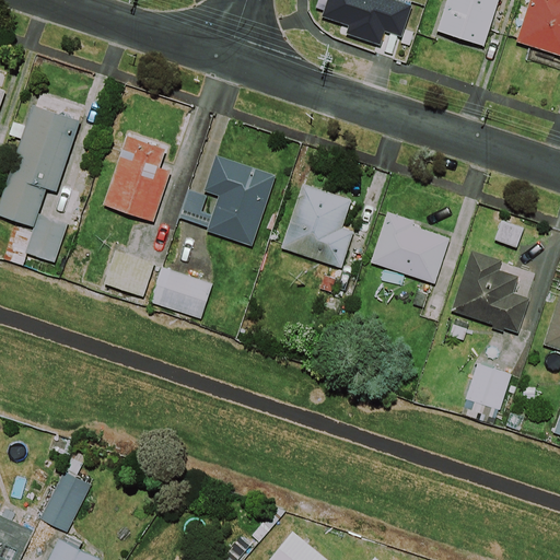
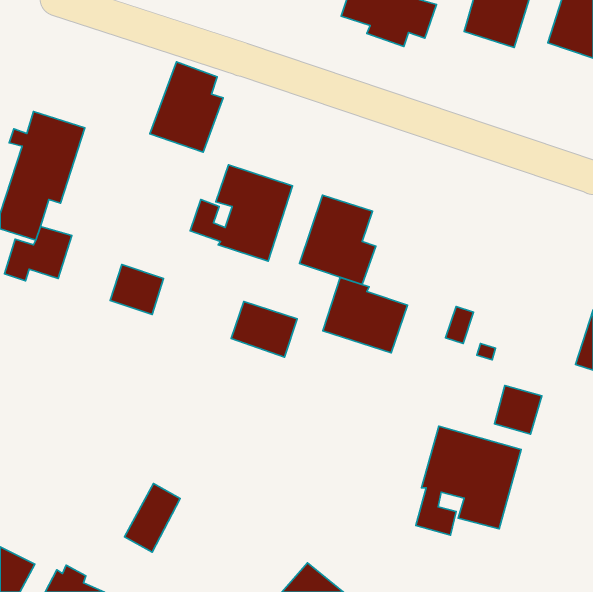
building: [102,137,171,222] -> [150,62,223,152]
building: [371,212,451,283] -> [323,277,408,353]
building: [451,250,529,334] -> none
building: [150,267,212,319] -> [231,301,297,357]
building: none -> [416,426,521,535]
building: [38,468,91,533] -> [124,484,180,552]

